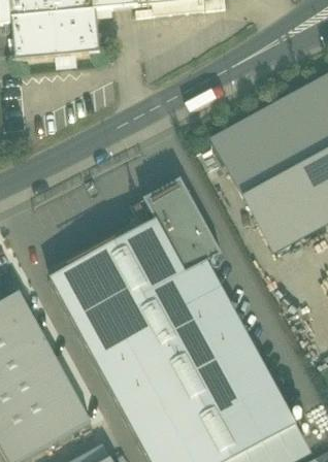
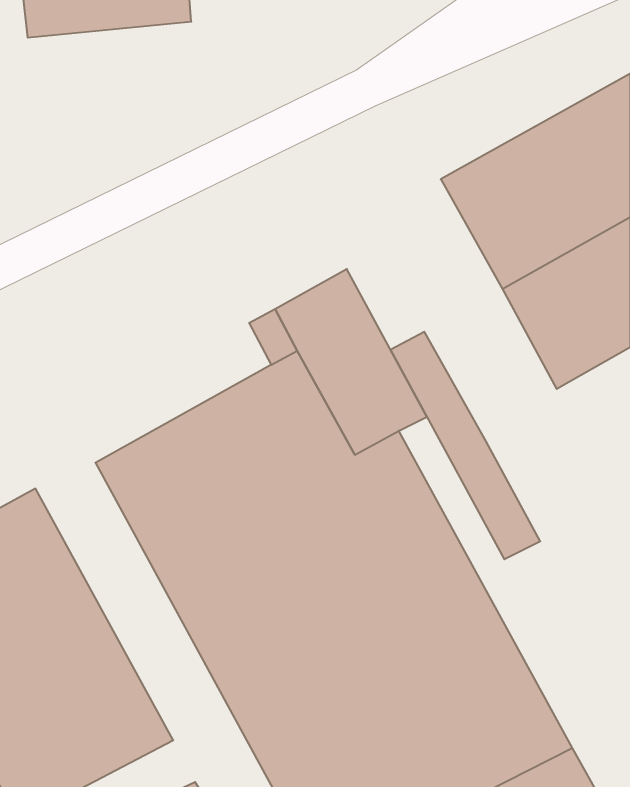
building: [211,130,289,248] -> [390,332,540,559]

